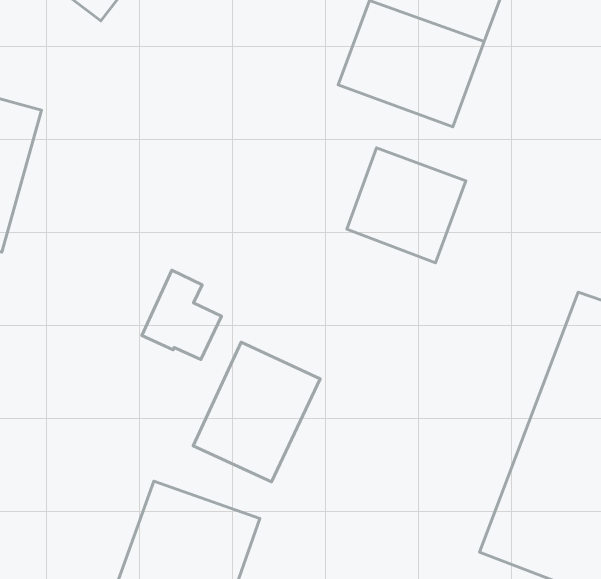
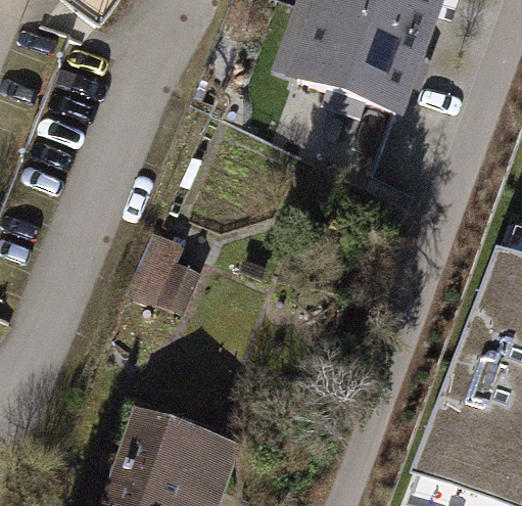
building: [347,148,466,263] -> none
building: [193,342,320,482] -> none

